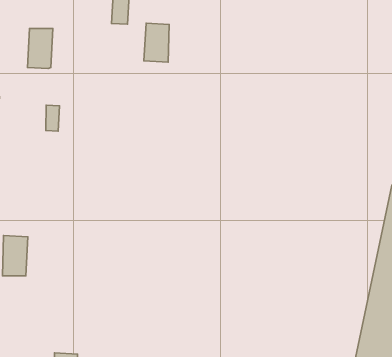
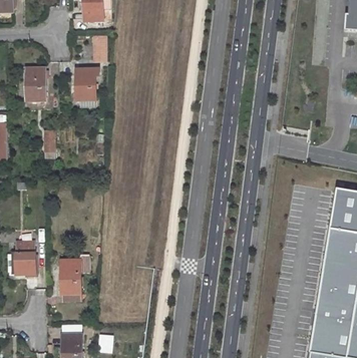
building: [144,23,169,62] -> [77,69,97,100]
building: none -> [60,261,81,293]

